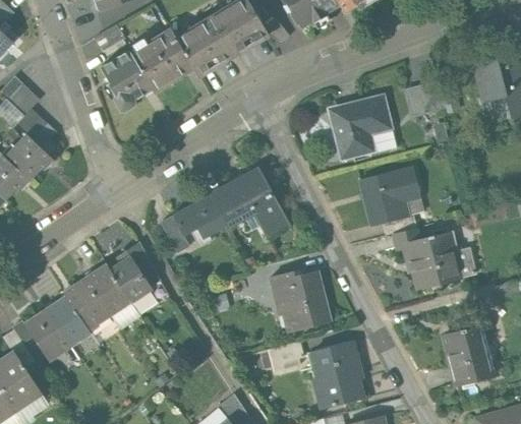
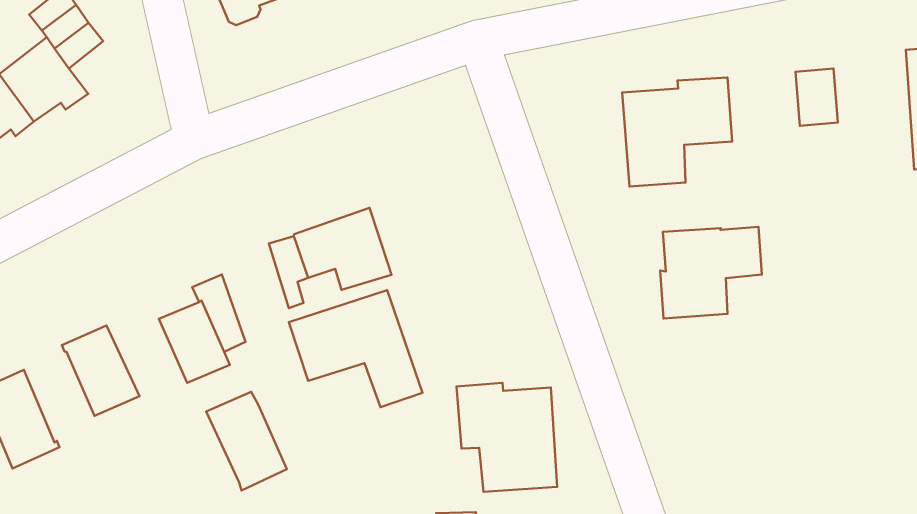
building: [210,169,285,230] -> [289,290,422,407]
building: [405,229,463,289] -> none
building: [84,264,131,316] -> [206,392,287,491]
building: [46,296,89,344] -> none

